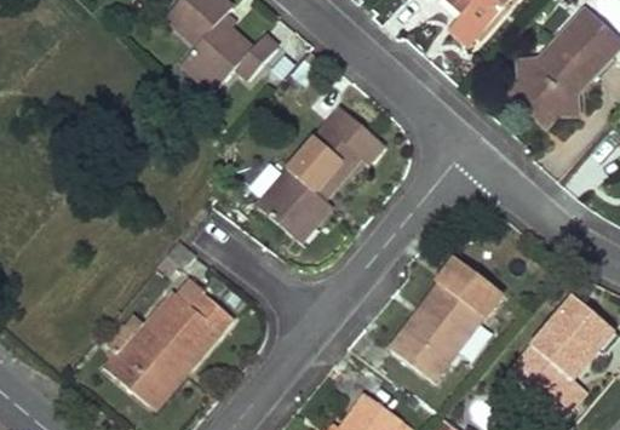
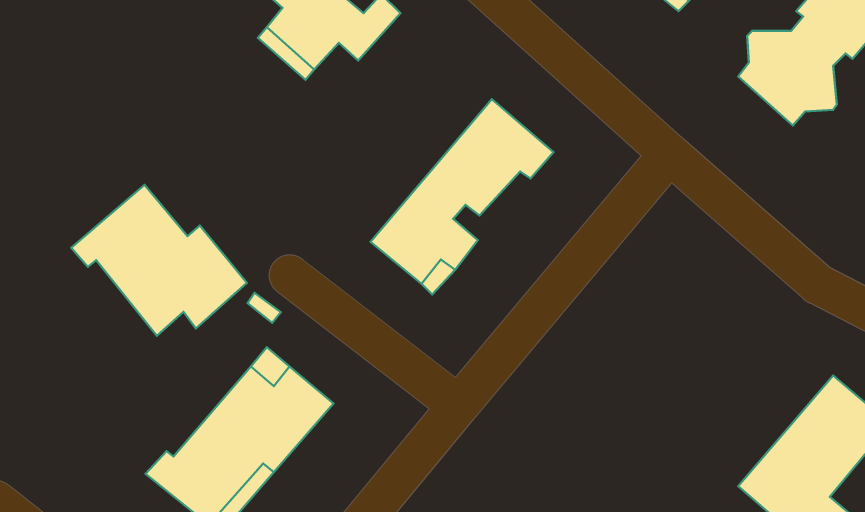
building: none -> [71,185,247,336]
building: [391,258,503,382] -> none

